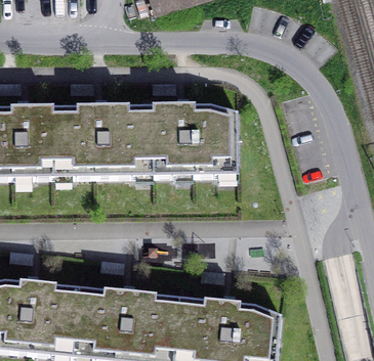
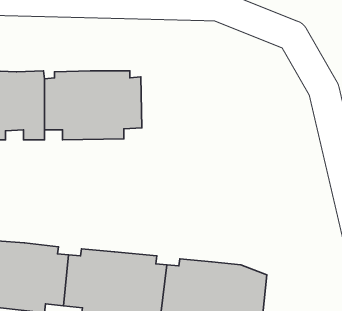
building: [149,106,235,177] -> none

